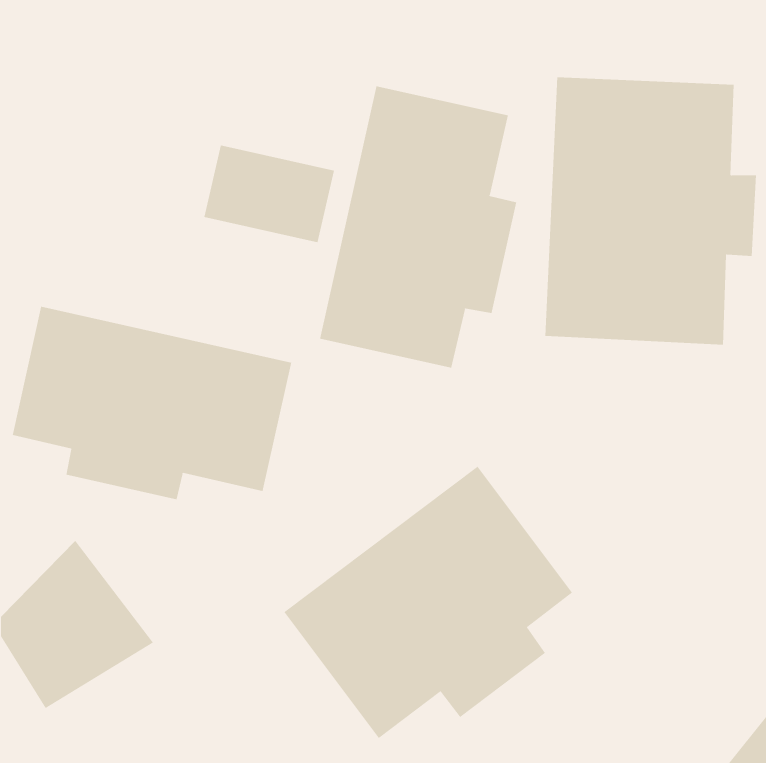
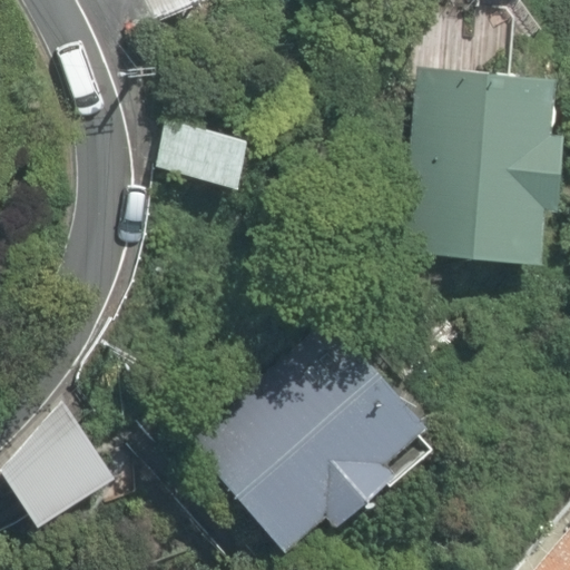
building: [320,85,517,368] -> none
building: [12,306,292,500] -> none

